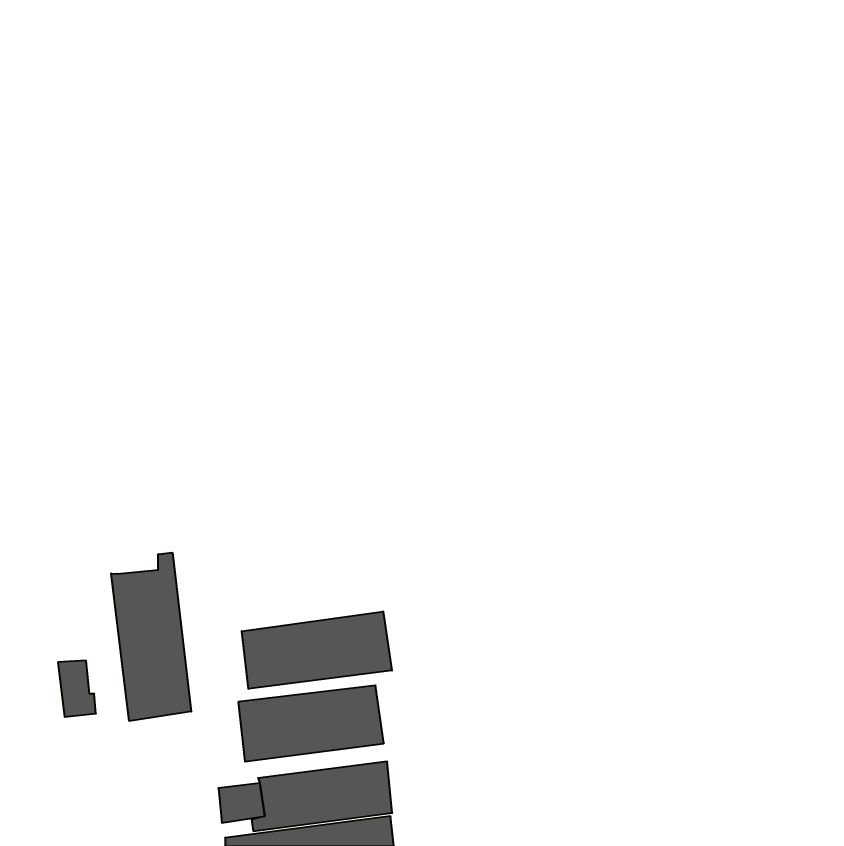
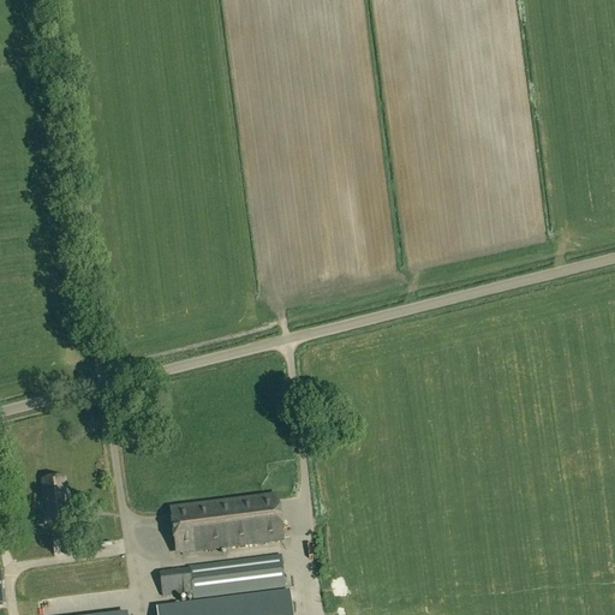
building: [111,553,191,721] -> none
building: [242,611,392,689] -> none

